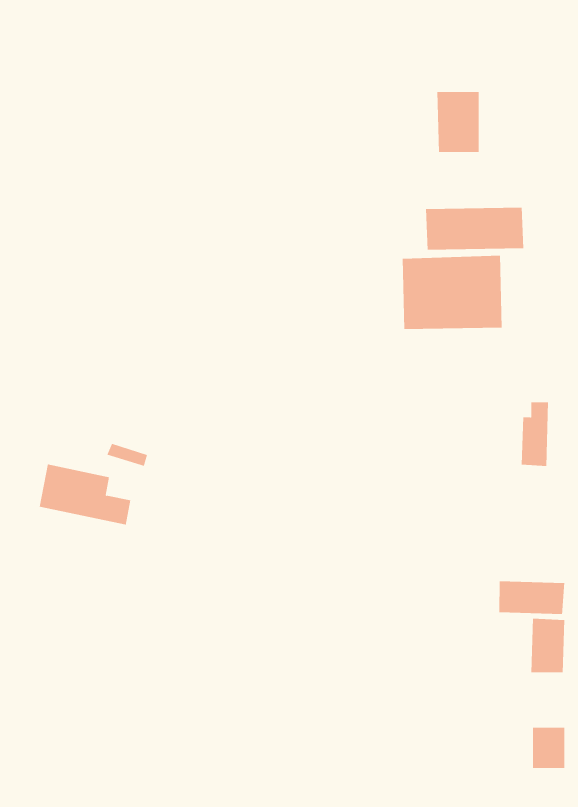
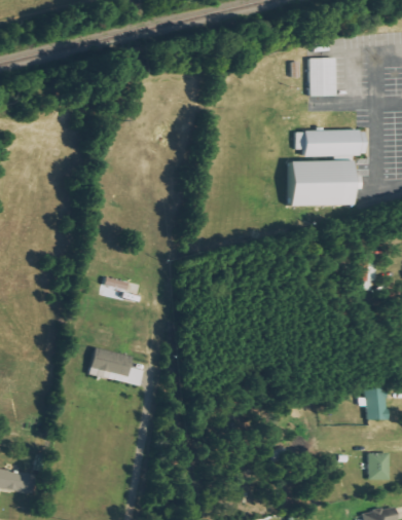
building: [39,464,131,525] -> [87,347,145,385]
building: [499,581,565,615] -> none

